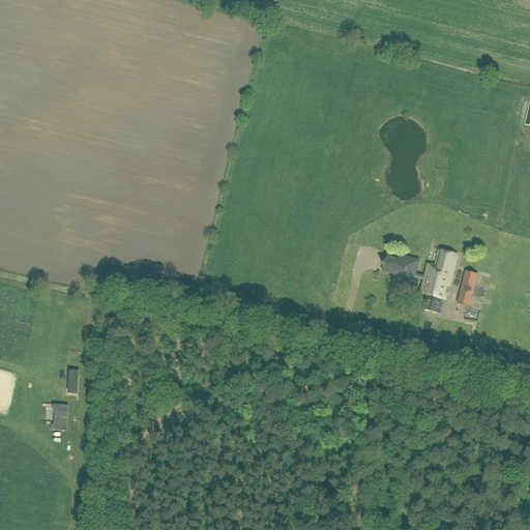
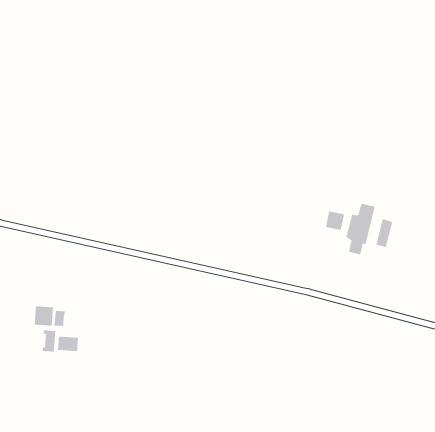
building: none -> [34,305,53,326]
building: none -> [58,336,78,352]

